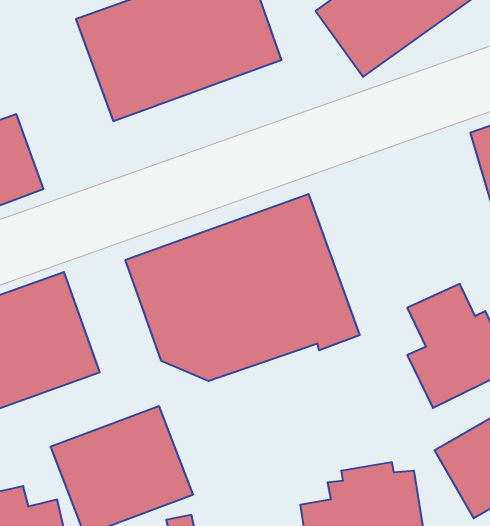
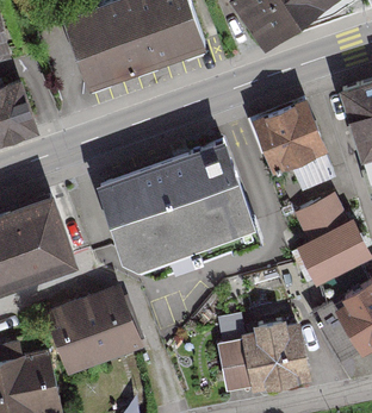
building: none -> [250,105,331,189]

